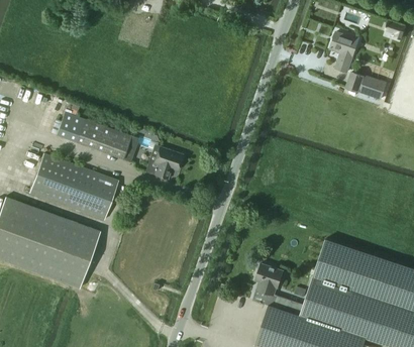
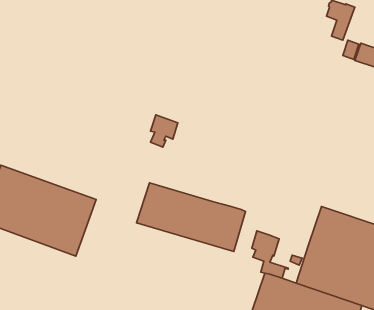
building: [57,113,133,162] -> none
building: [29,154,118,221] -> none
building: none -> [137,183,246,251]

